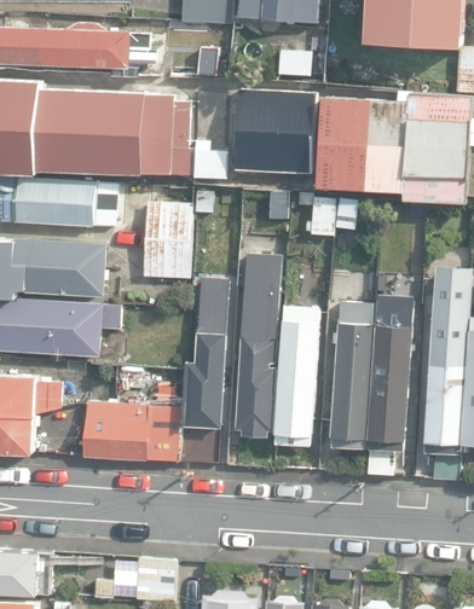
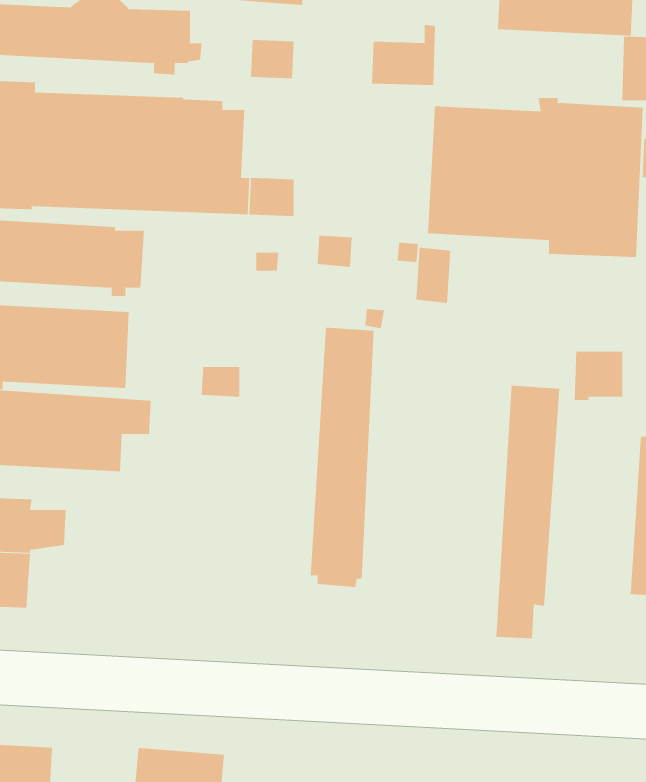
building: [233,92,314,172] -> none
building: [143,203,192,280] -> none
building: [183,279,227,430] -> none
building: [331,303,372,448] -> none
building: [273,307,317,447] -> none
building: [424,307,466,481] -> none
building: [81,402,177,462] -> none

